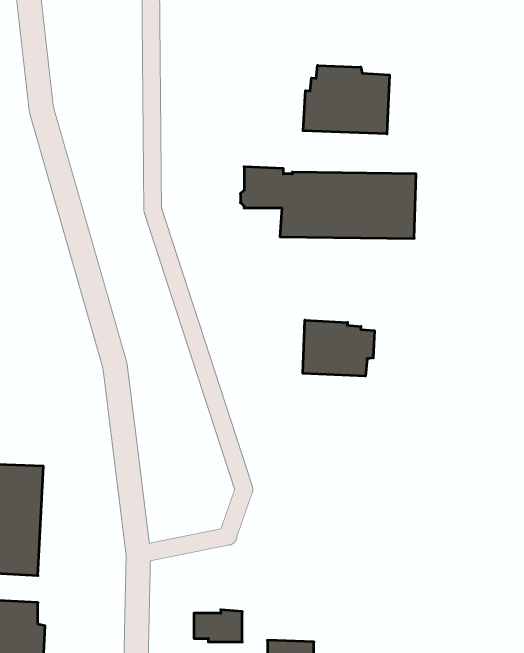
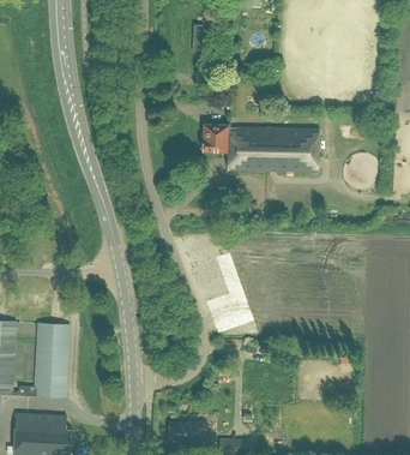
building: [303,65,389,134] -> none
building: [303,320,374,376] -> none

